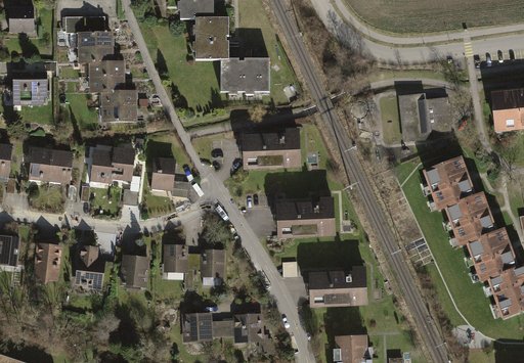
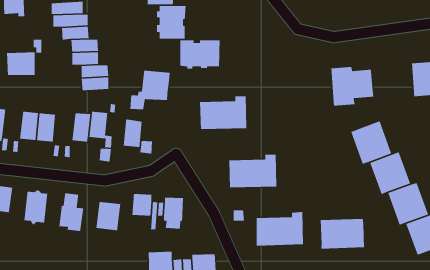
building: none -> [129,70,170,110]
building: none -> [320,218,365,250]

